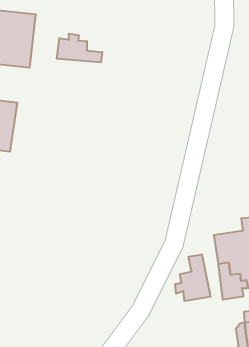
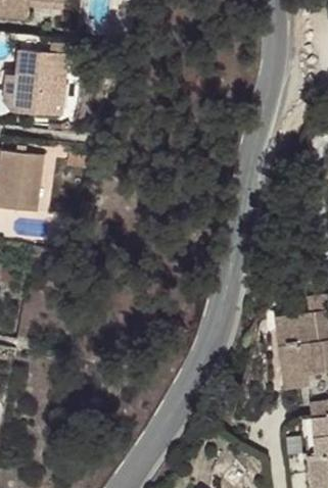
building: [57,34,102,62] -> none
building: [175,254,211,301] -> none

